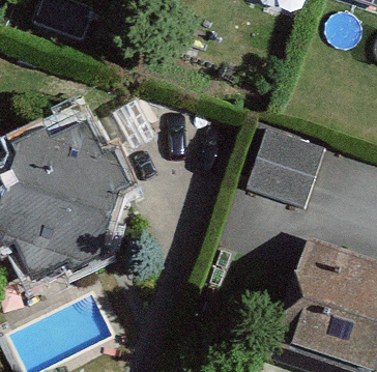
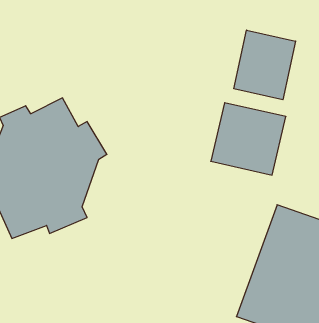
building: none -> [234,30,296,100]

